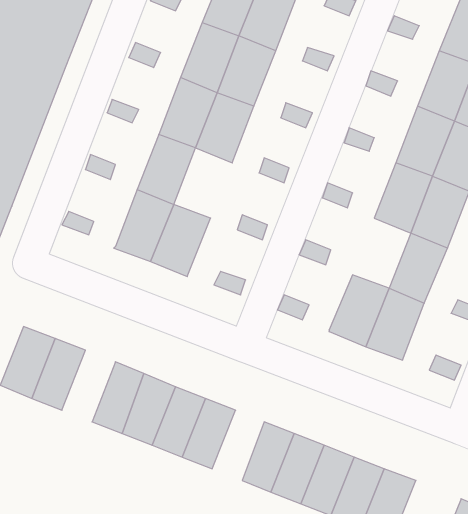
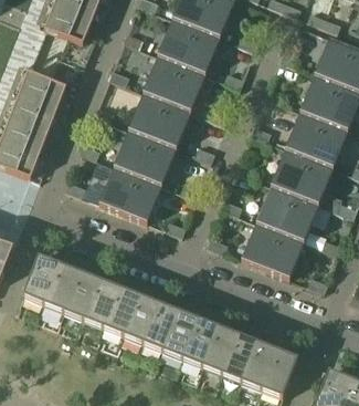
building: none -> [139,136,178,183]
building: none -> [257,183,296,229]
building: none -> [65,270,101,317]
building: none -> [165,310,199,356]

